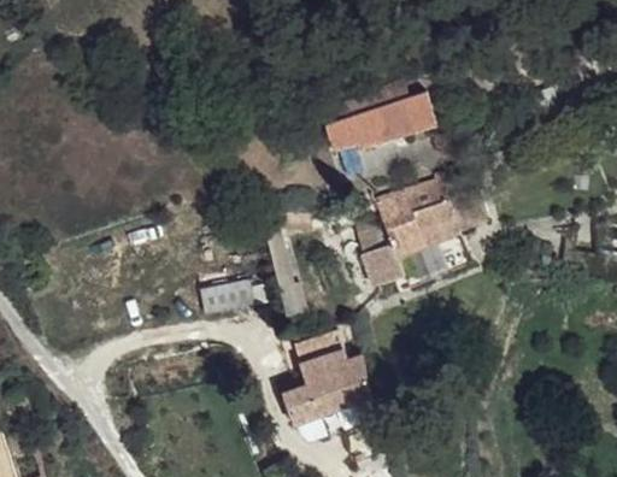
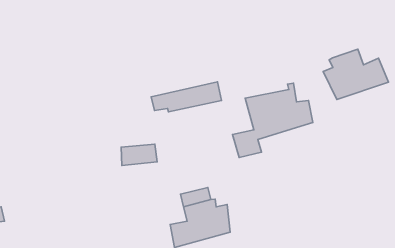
building: [328,94,430,145] -> [151,82,221,112]
building: none -> [323,49,388,99]

